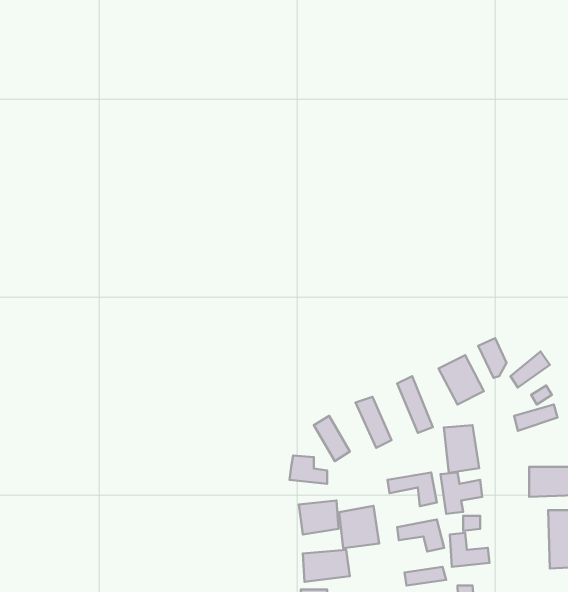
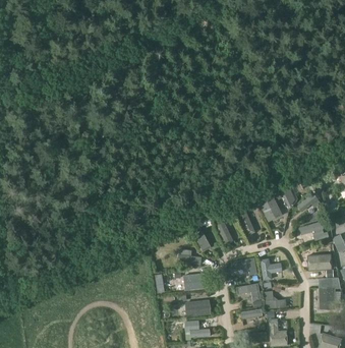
building: [444,425,479,473] -> none
building: [339,506,379,548] -> none

